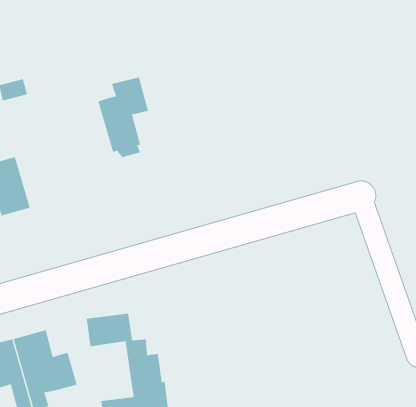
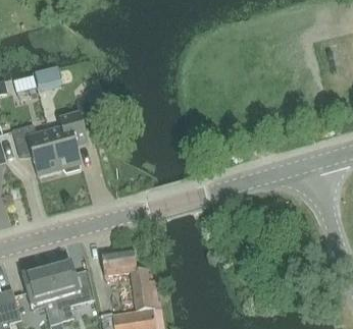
building: [98,77,149,158] -> [48,112,87,173]

